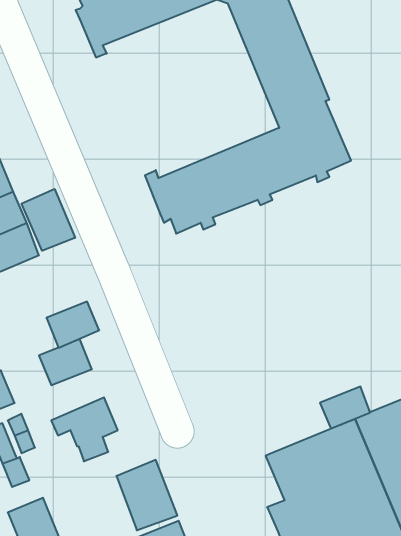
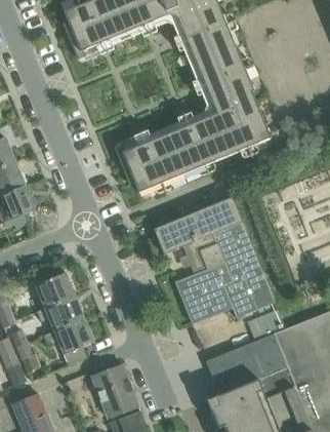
building: [22,189,75,251] -> none
building: none -> [153,187,276,324]
building: [46,302,99,348] -> [43,296,83,330]

